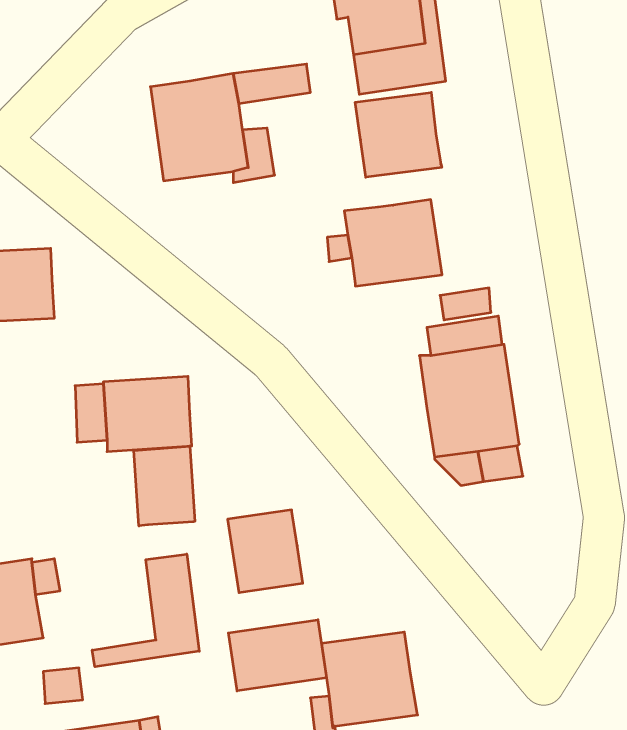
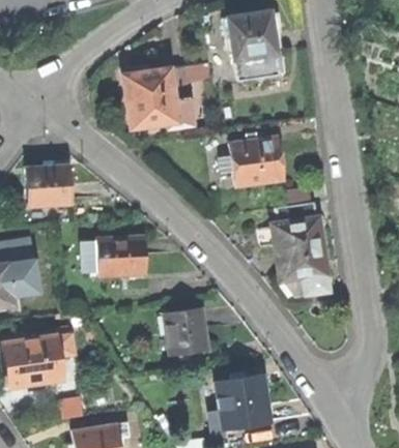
building: [355,92,442,177] -> none
building: [134,446,195,526] -> none
building: [92,554,199,667] -> none
building: [228,620,327,691] -> none

